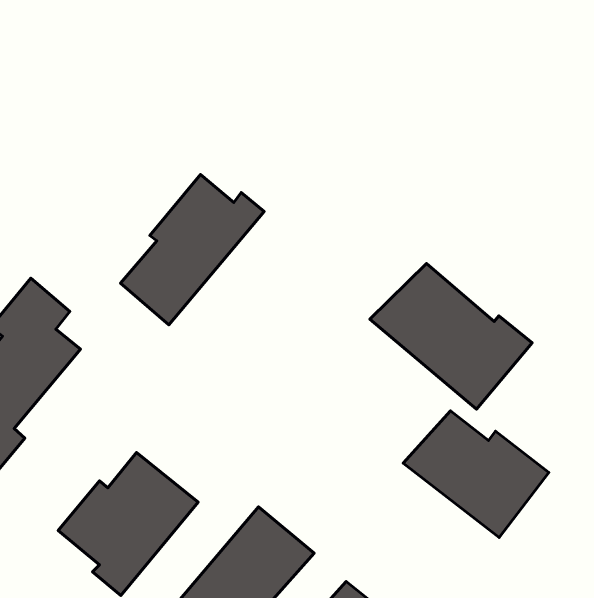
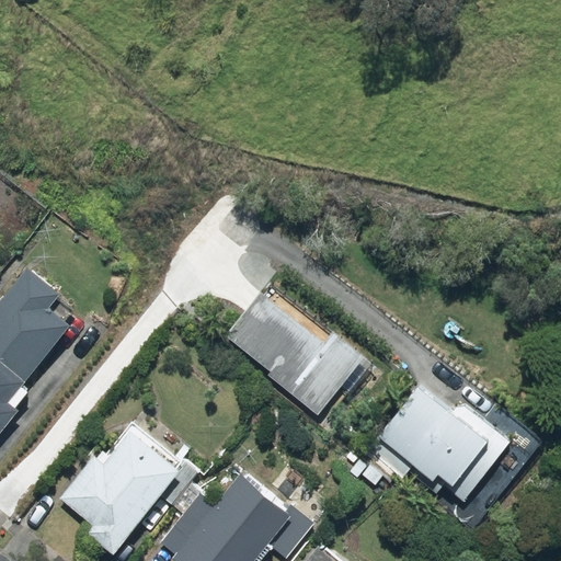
building: [121,175,264,325] -> none
building: [370,264,532,409] -> [217,282,367,416]

